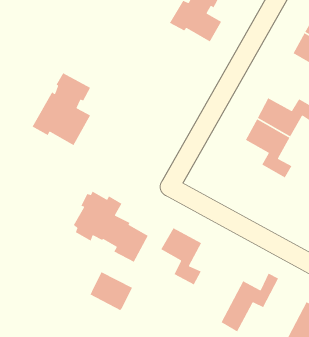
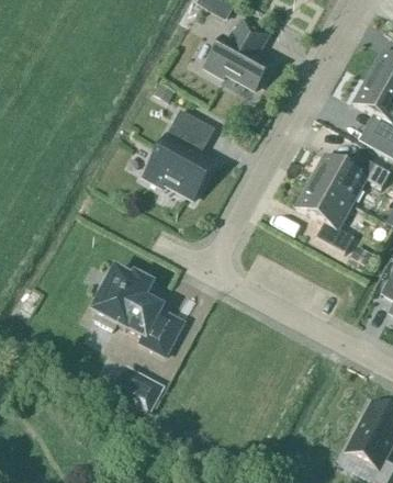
building: [32,72,91,146] -> [143,111,214,200]
building: [160,227,202,285] -> none
building: [221,273,279,332] -> none

